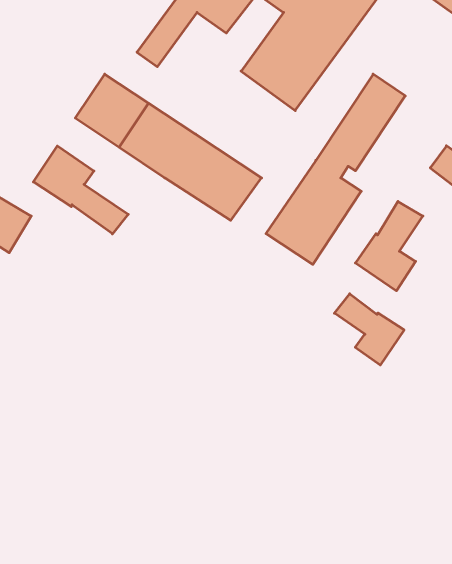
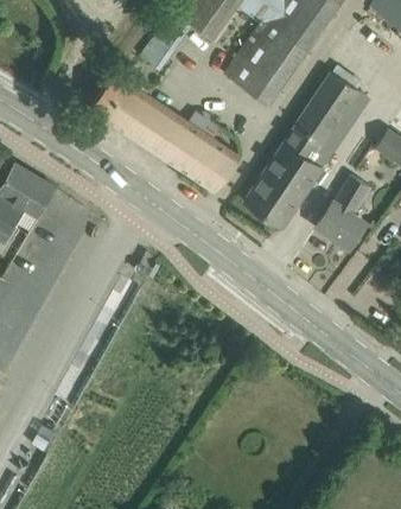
building: [33,146,128,234] -> none
building: [334,294,404,365] -> none

